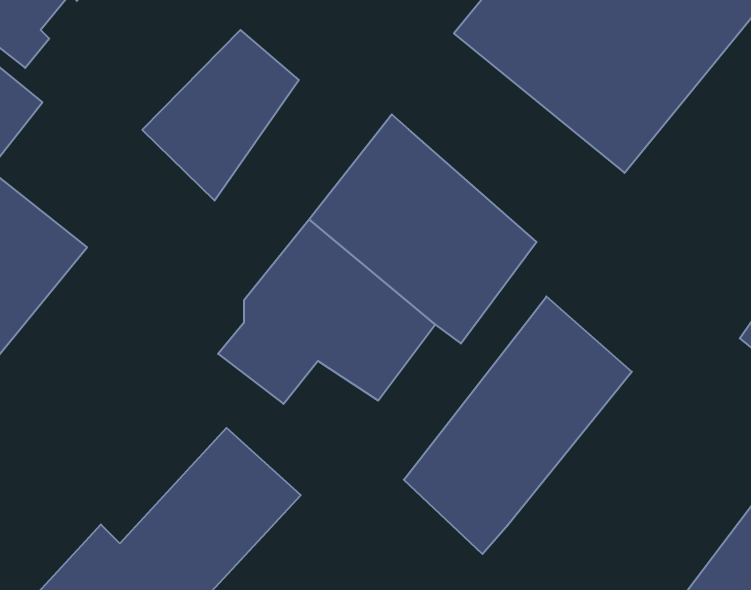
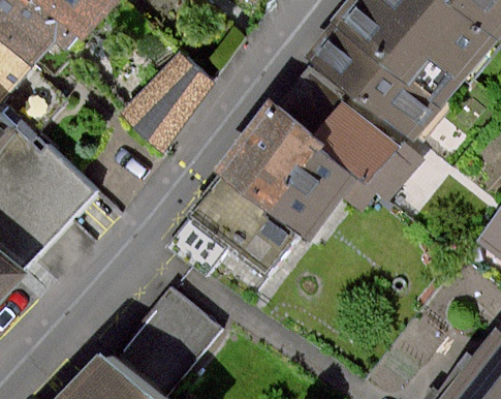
building: none -> [285,80,419,198]
building: [404,296,632,554] -> none

